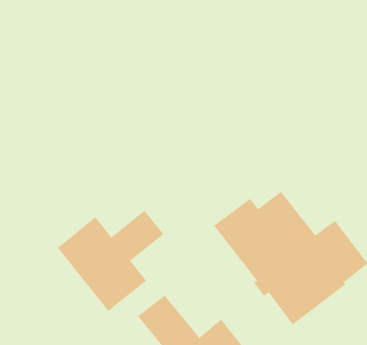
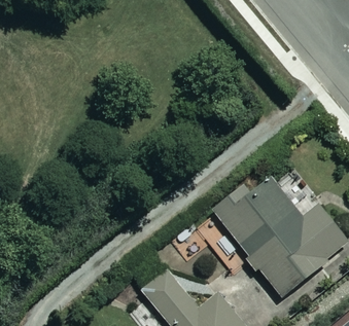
building: [57,210,164,312] -> none

